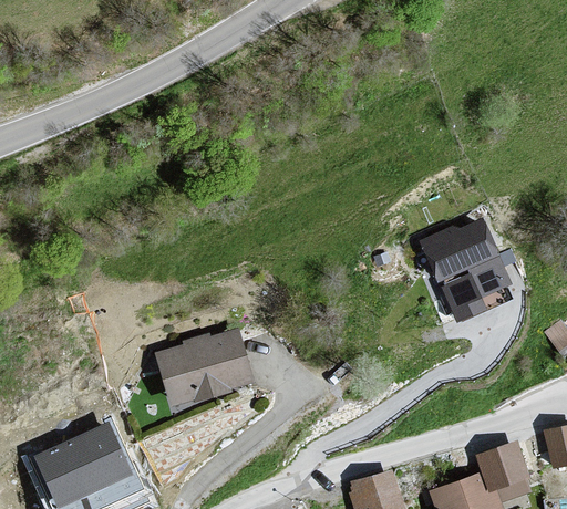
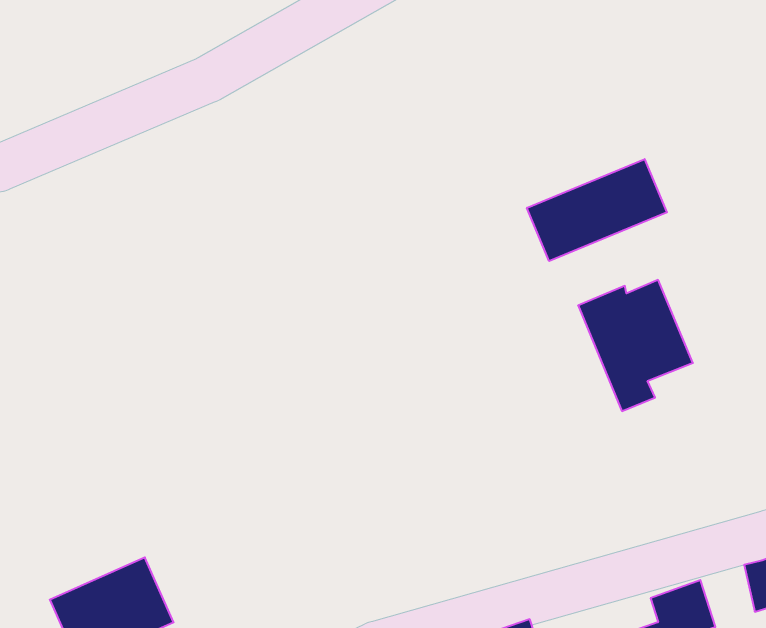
building: none -> [527,159,667,261]
building: [157,331,251,404] -> none

